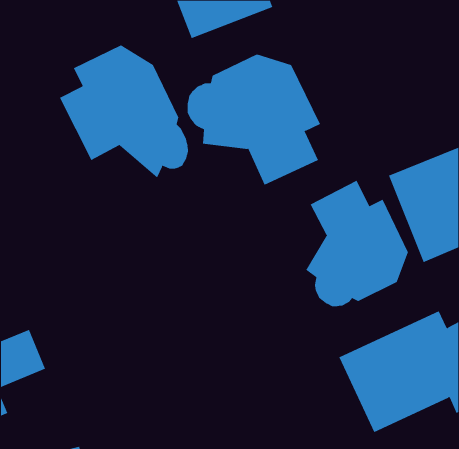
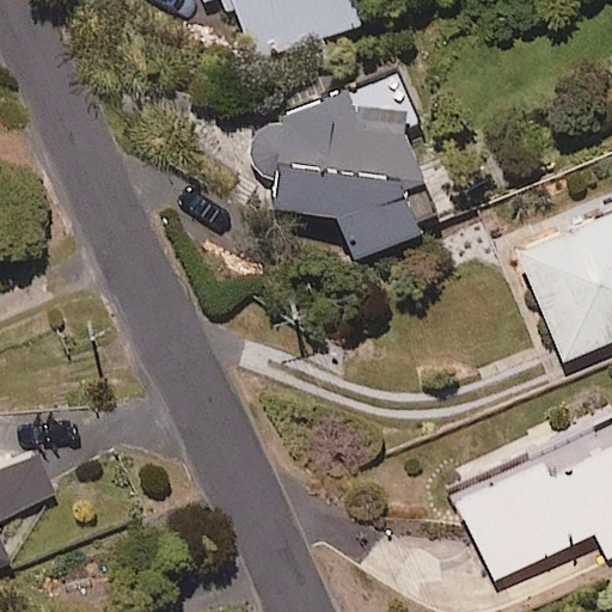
building: [59,45,189,178] -> none
building: [305,180,409,307] -> none

